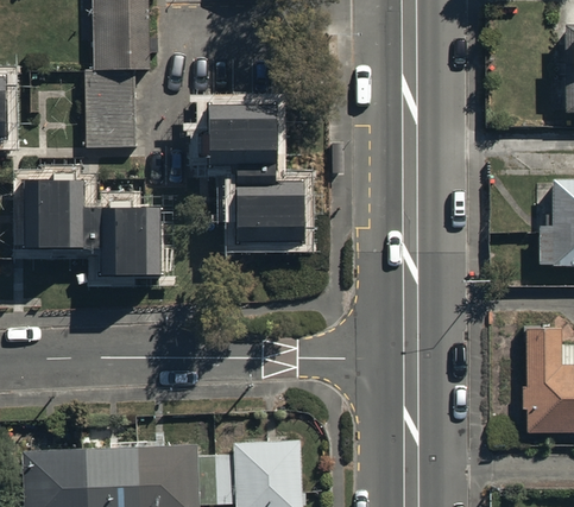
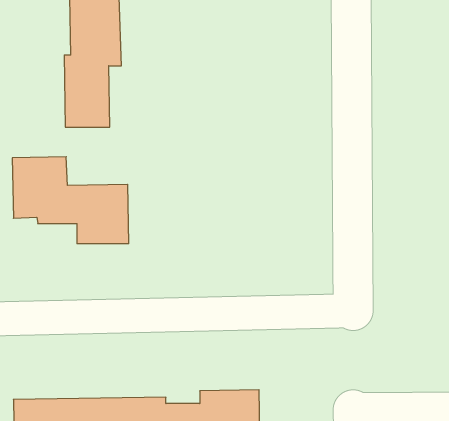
building: [204,109,303,237] -> none

